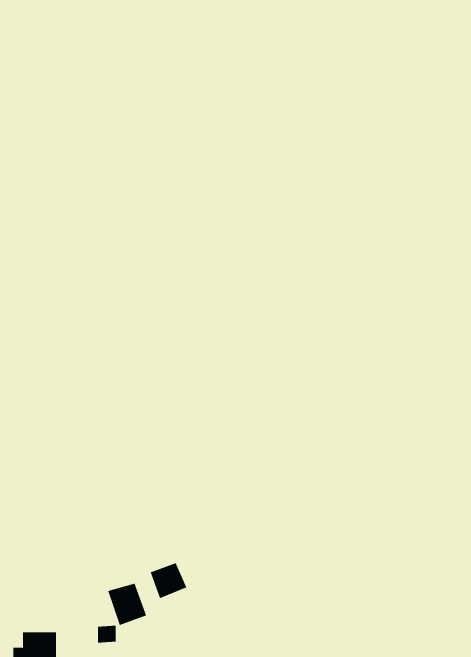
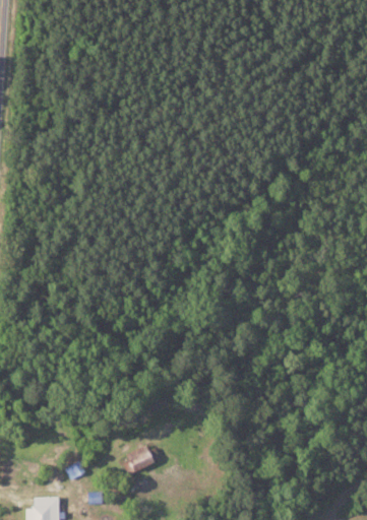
building: [107,583,147,626] -> none

